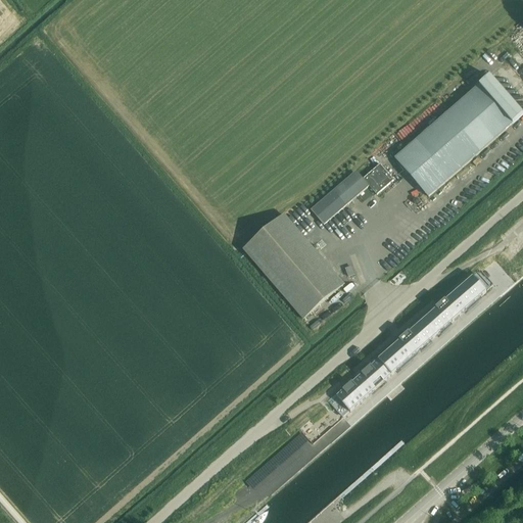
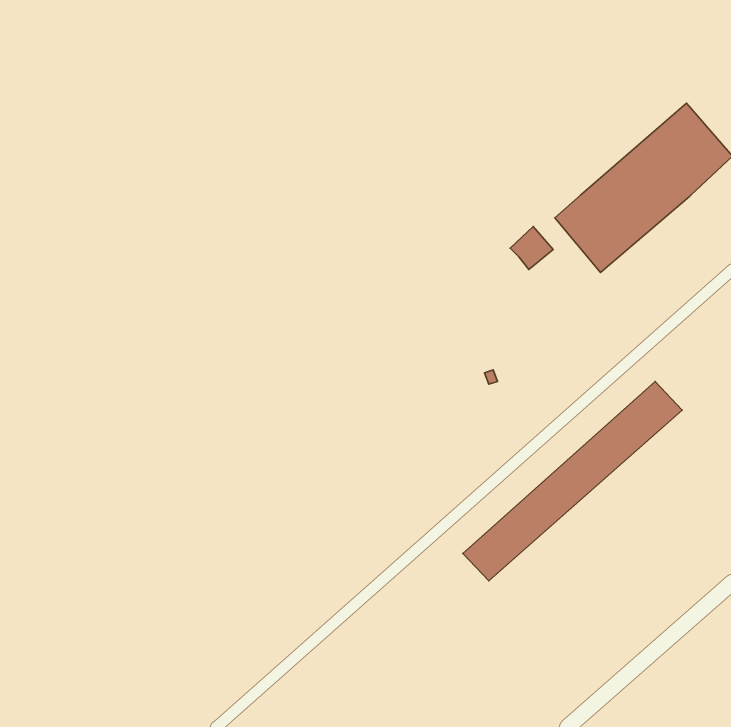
building: [312,172,366,222] -> none
building: [243,211,344,317] -> none

